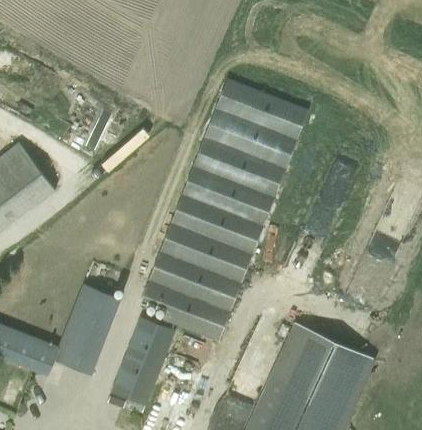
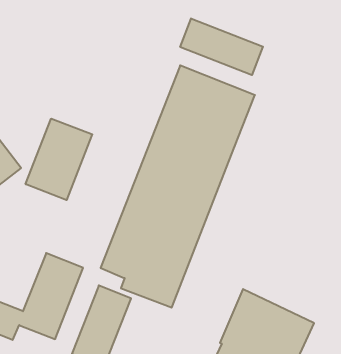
building: none -> [180,18,263,75]
building: none -> [26,119,92,200]

